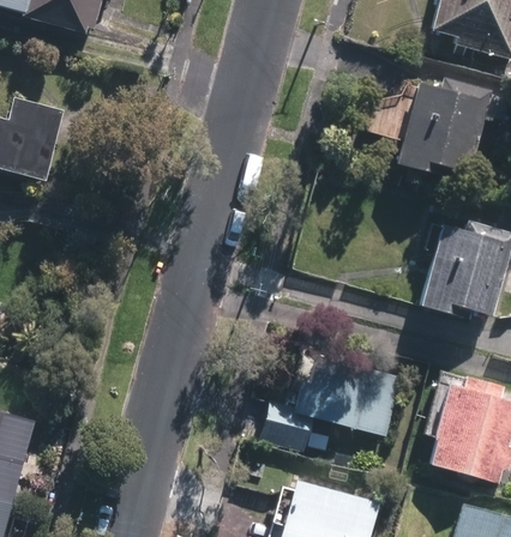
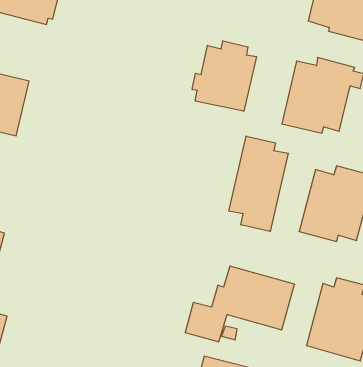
building: none -> [192,41,256,111]
building: none -> [229,136,288,232]

